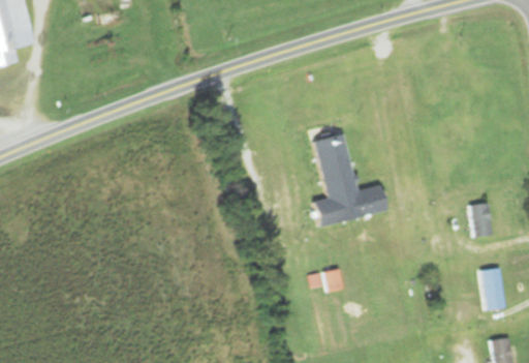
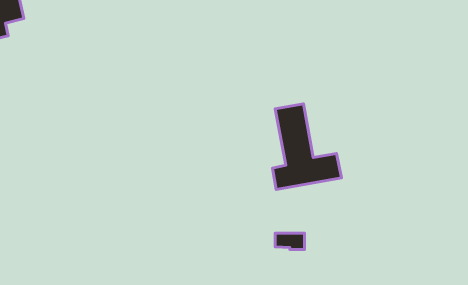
building: [470,203,492,236] -> none
building: [480,267,506,309] -> none

